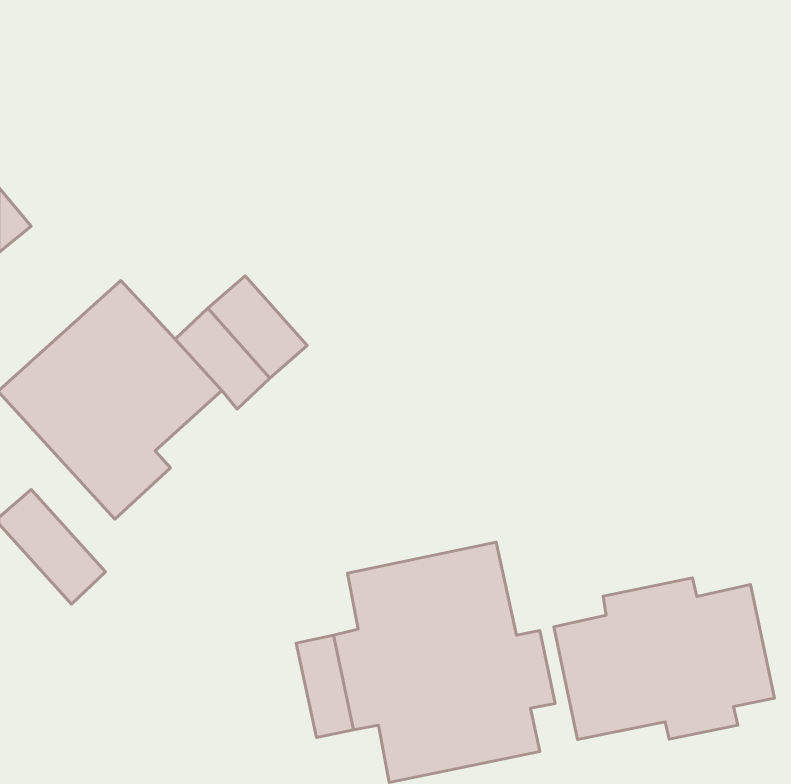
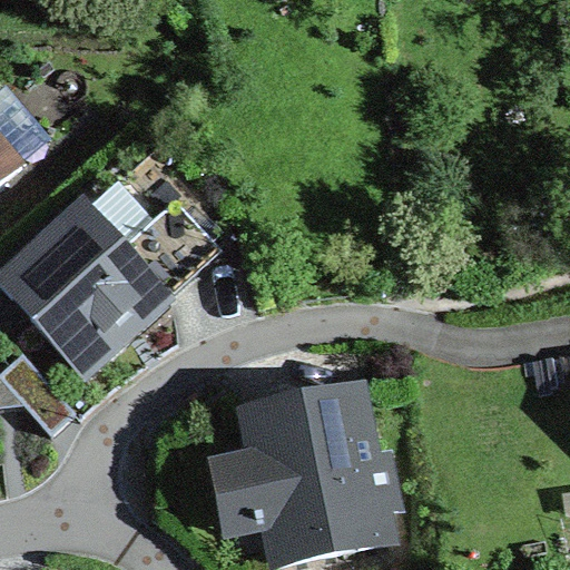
building: [554,578,774,739] -> none

